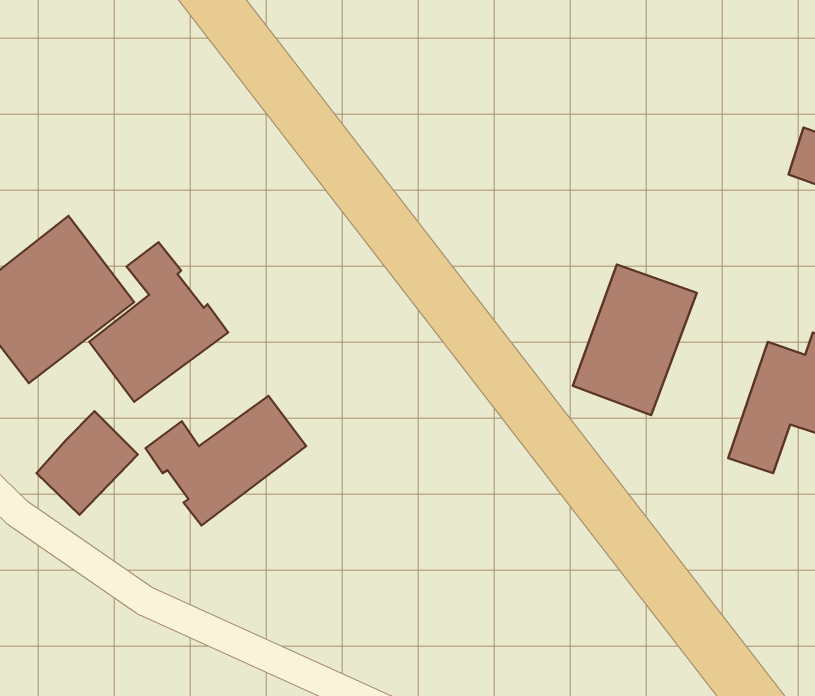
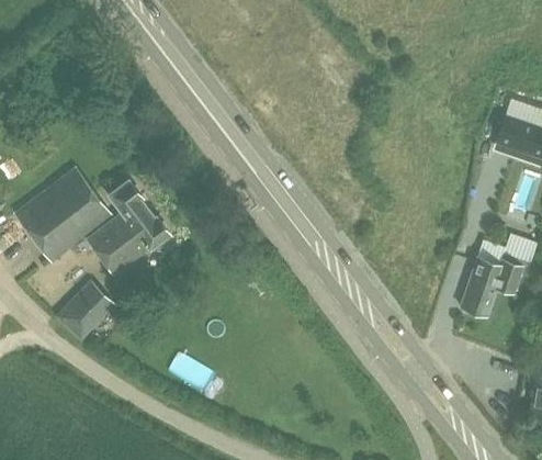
building: [573,264,697,415] -> none
building: [145,396,306,526] -> none

